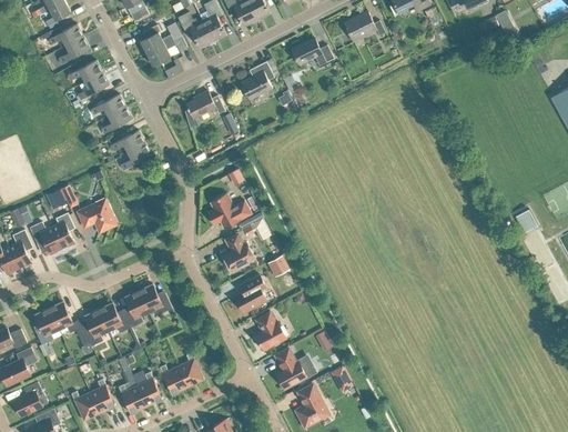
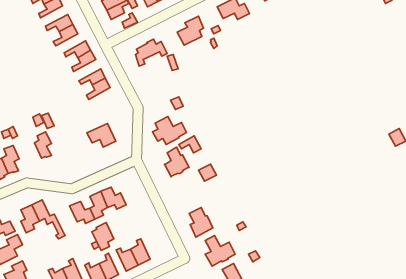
building: [78,200,115,231] -> [87,123,116,147]
building: [29,221,61,254] -> none
building: [234,274,266,312] -> none
building: [79,309,108,345] -> [92,223,114,251]

